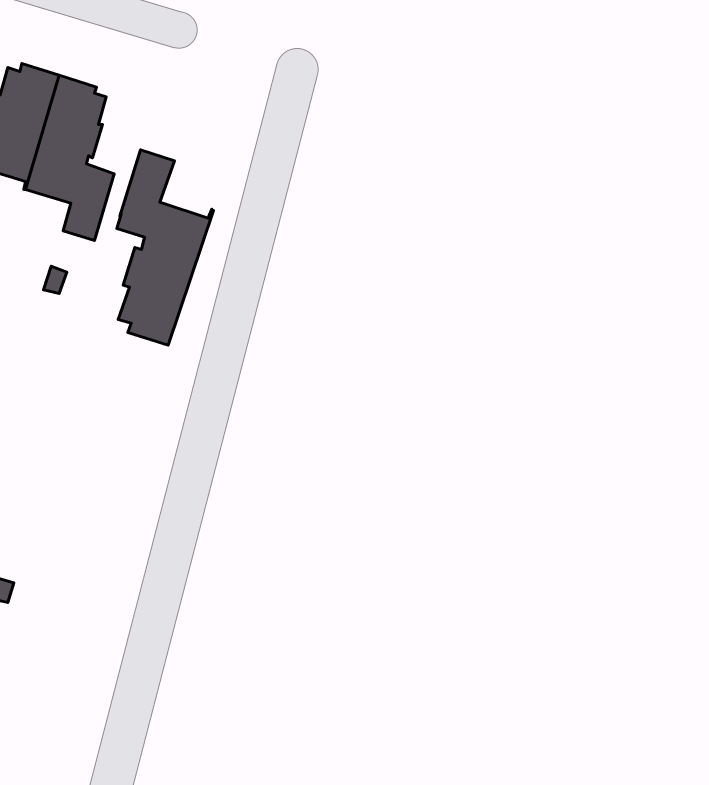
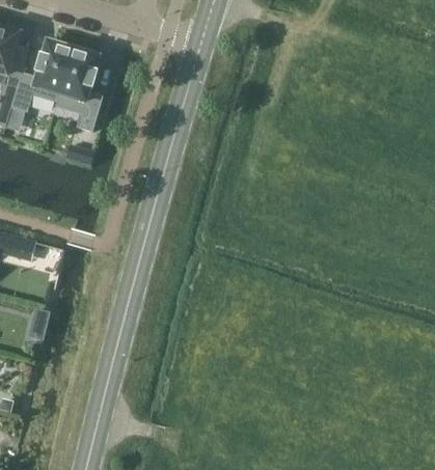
building: [117,150,213,345] -> none

